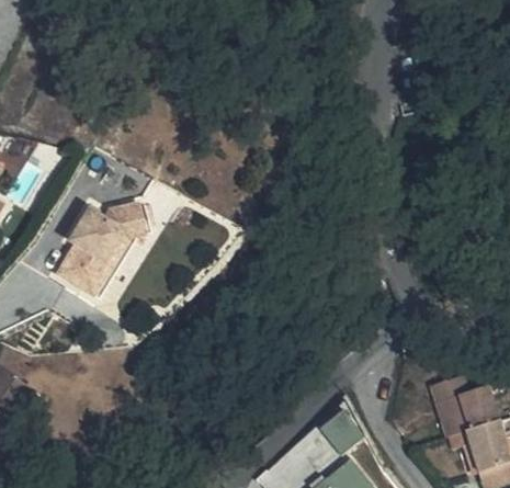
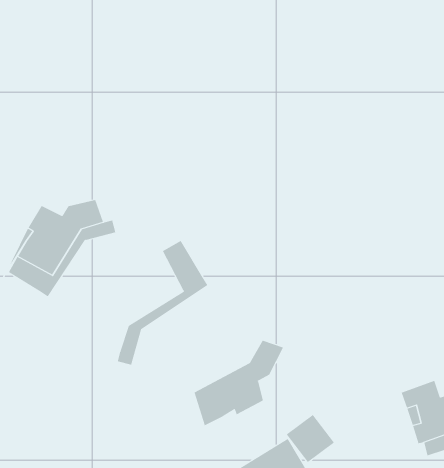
building: none -> [117,240,208,366]
building: none -> [194,340,284,426]

